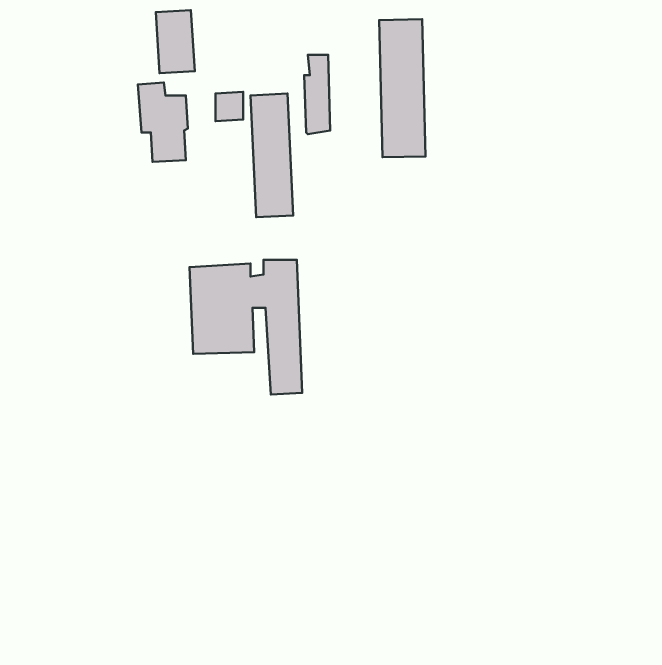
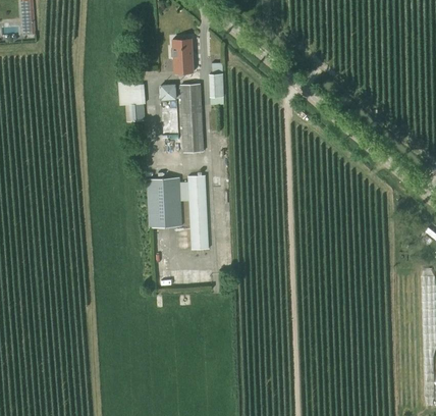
building: [156,10,195,73] -> [172,38,194,72]
building: [379,19,426,157] -> none

